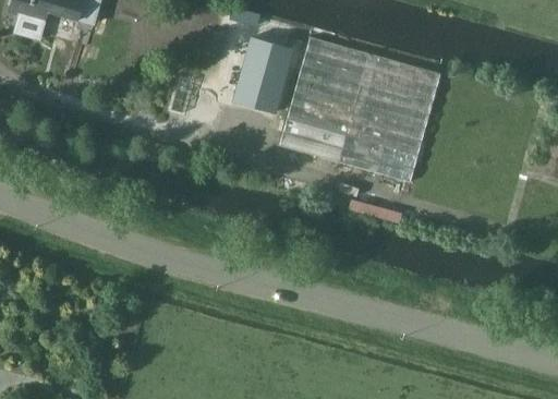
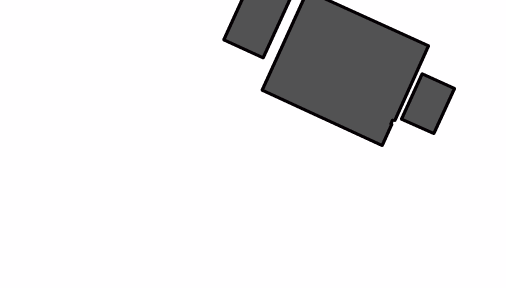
building: none -> [401,74,454,134]

